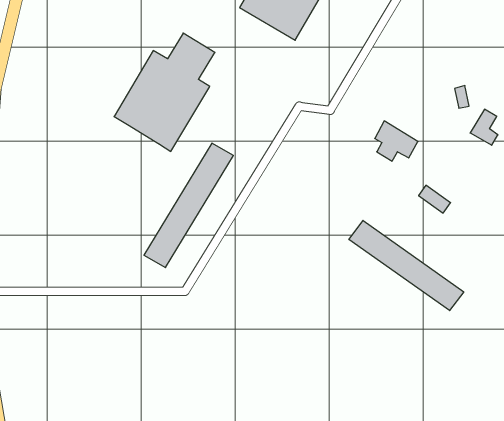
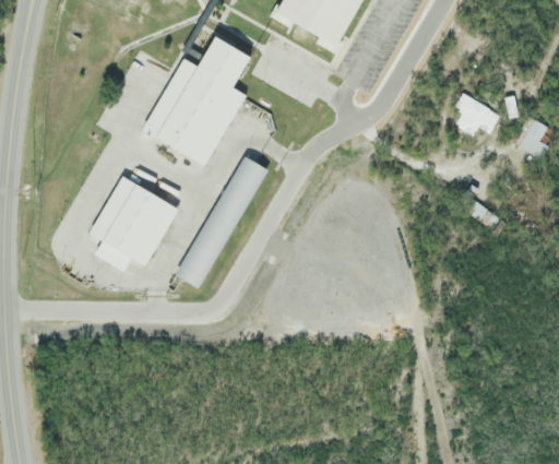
building: [375,121,418,161] -> [453,92,499,134]
building: none -> [88,175,179,270]
building: [349,220,464,311] -> none

